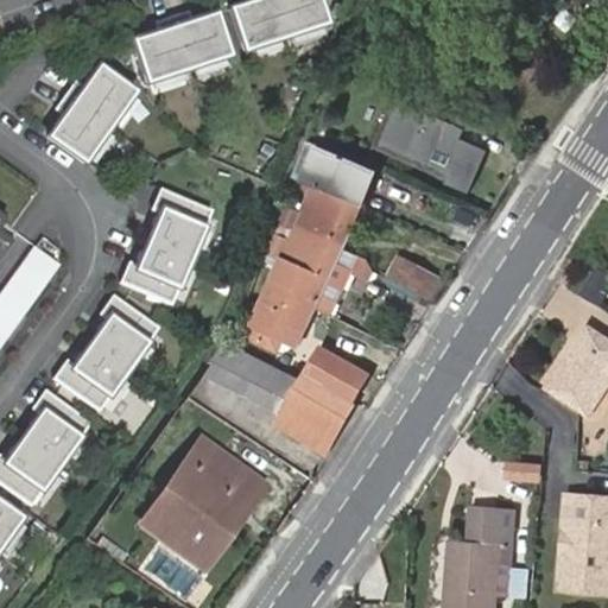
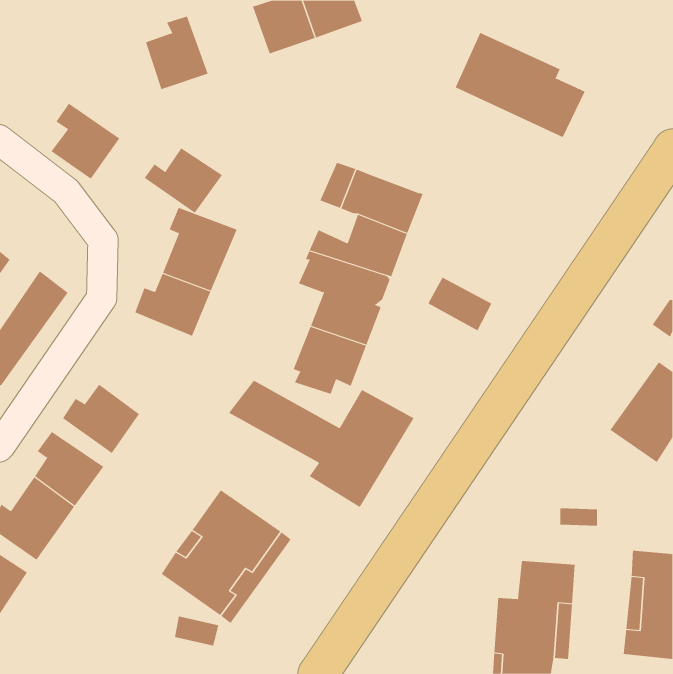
building: [169,8,229,66] -> none
building: [62,65,133,125] -> [144,148,223,214]
building: [369,101,487,196] -> [455,32,585,138]
building: [89,293,160,373] -> none

